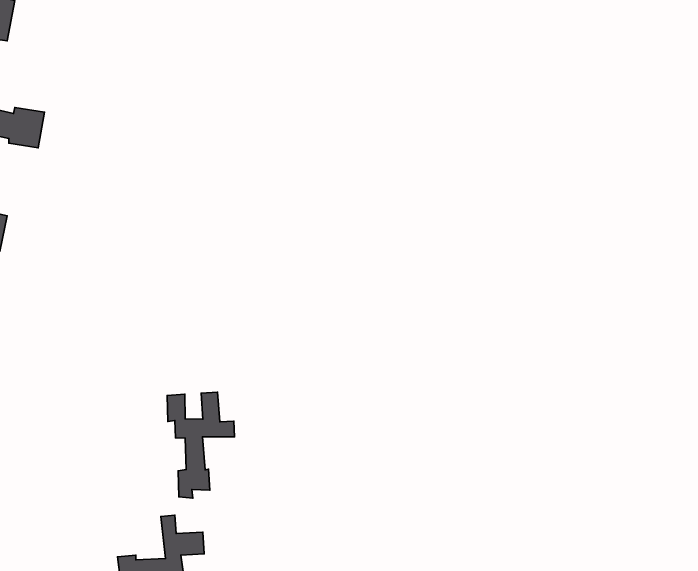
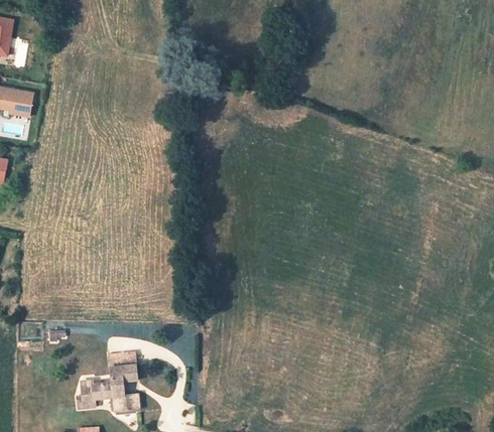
building: [167,392,234,498] -> none

